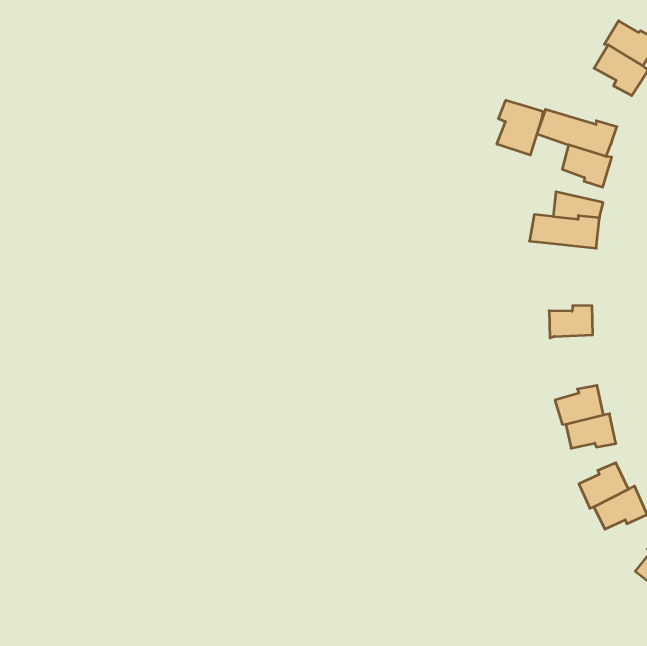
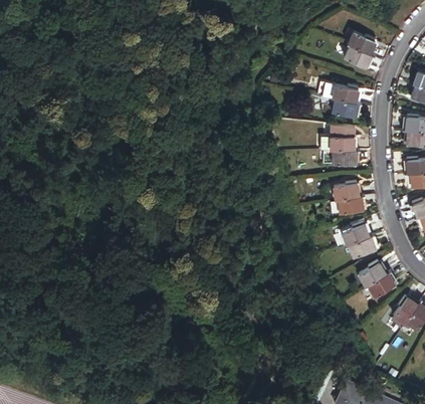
building: [497,100,543,155] -> none
building: none -> [324,151,358,166]
building: none -> [338,196,364,213]

